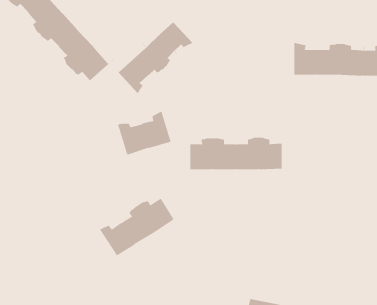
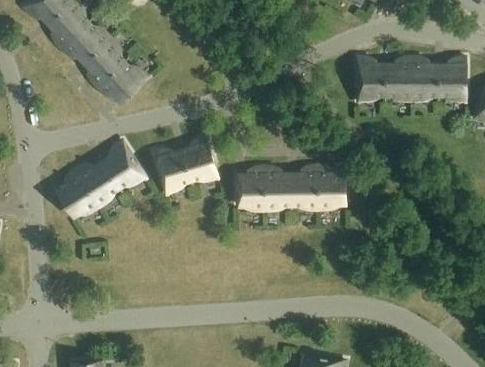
building: [114,18,193,94] -> none
building: [99,198,178,256] -> [54,149,146,217]

